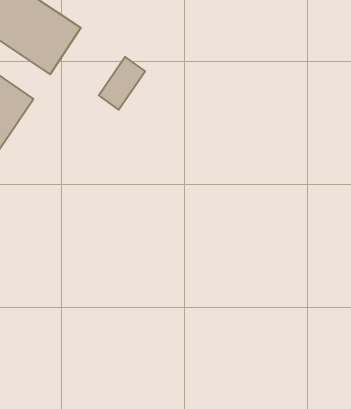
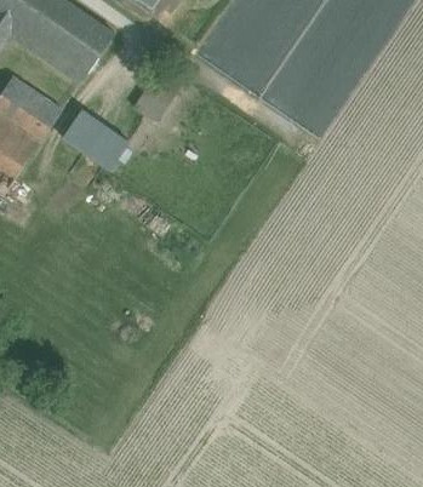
building: none -> [64,109,128,168]

